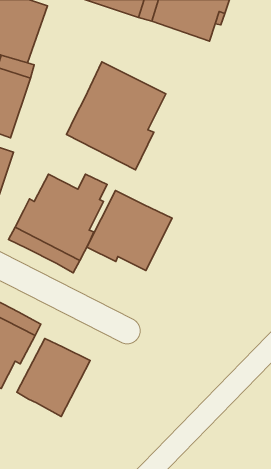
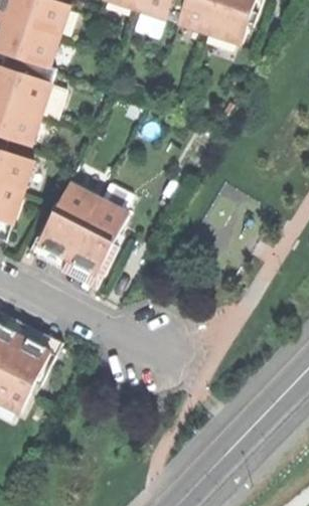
building: [66,62,166,170] -> none
building: [87,191,172,271] -> none
building: [17,338,90,416] -> none

